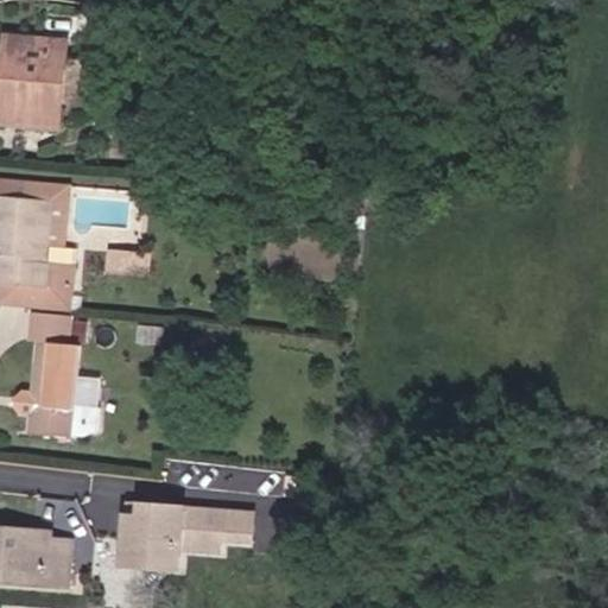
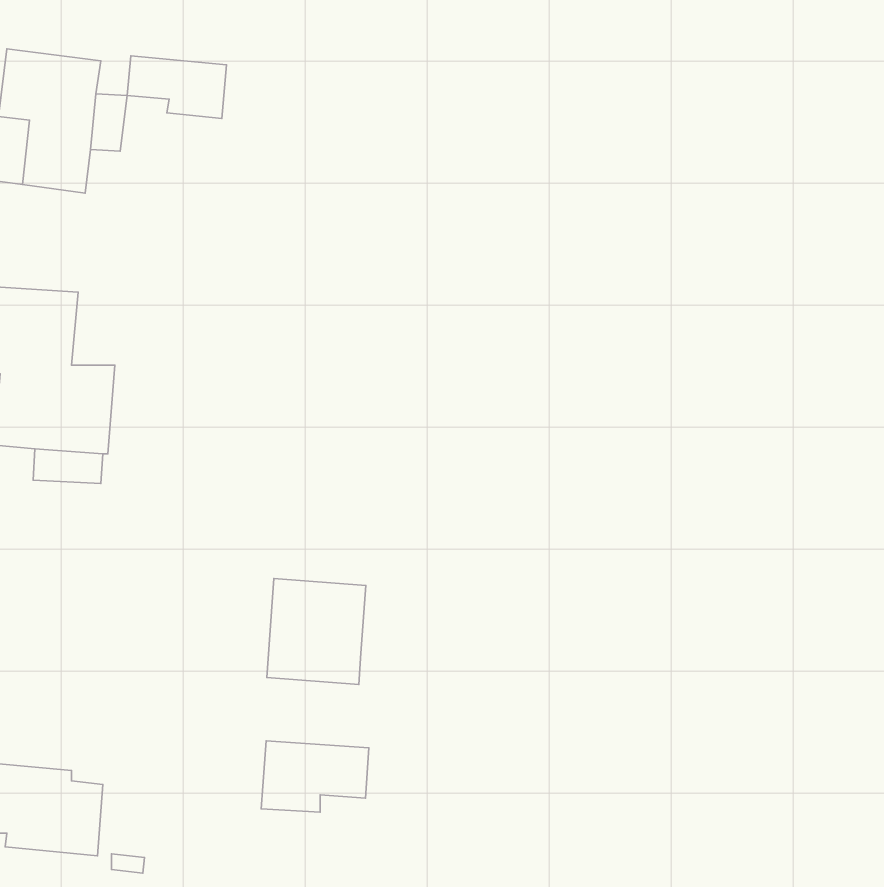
building: none -> [127,56,226,118]
building: [13,335,83,428] -> none
building: [114,501,182,574] -> [267,578,366,685]

